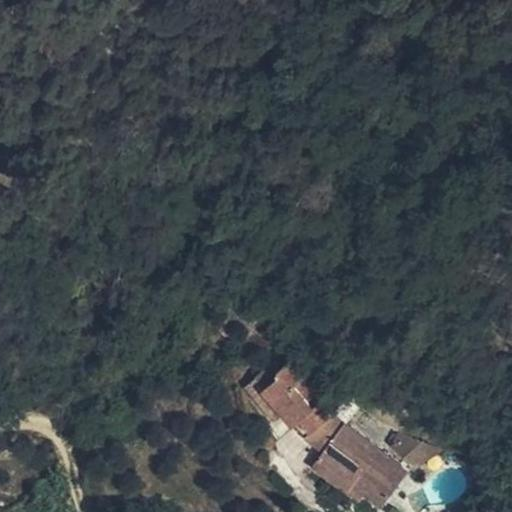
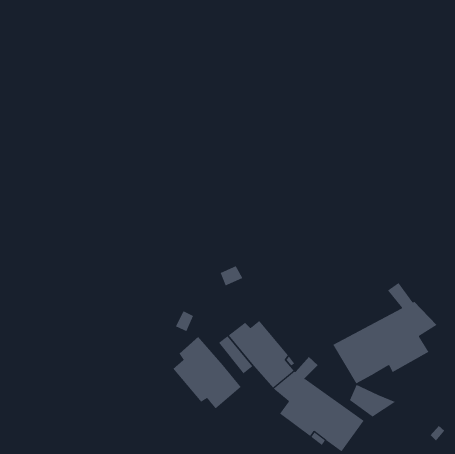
building: none -> [333,282,437,384]
building: none -> [173,336,241,409]

